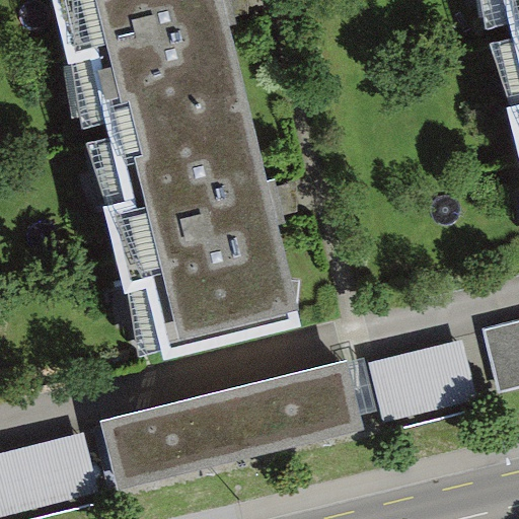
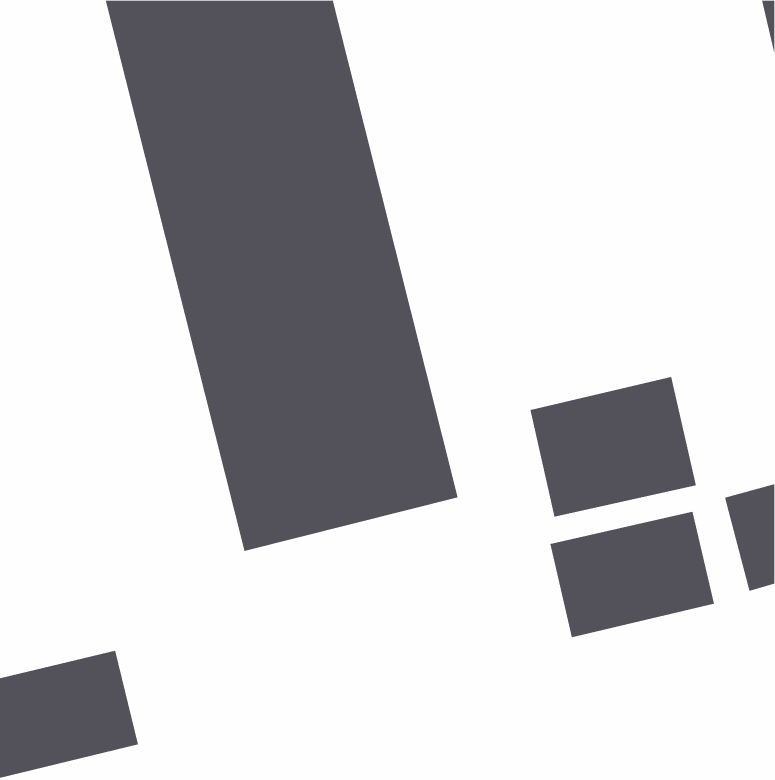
building: none -> [530,376,697,517]
building: [94,354,357,484] -> none

